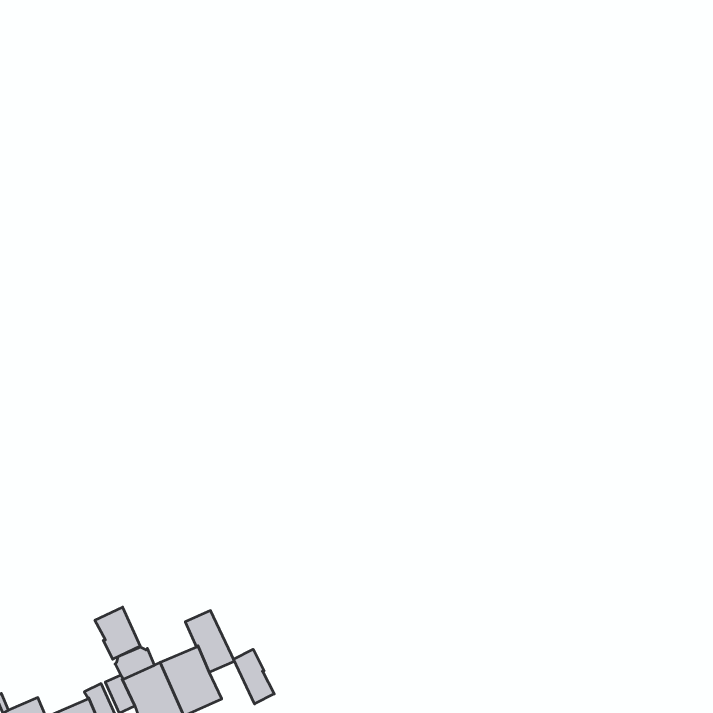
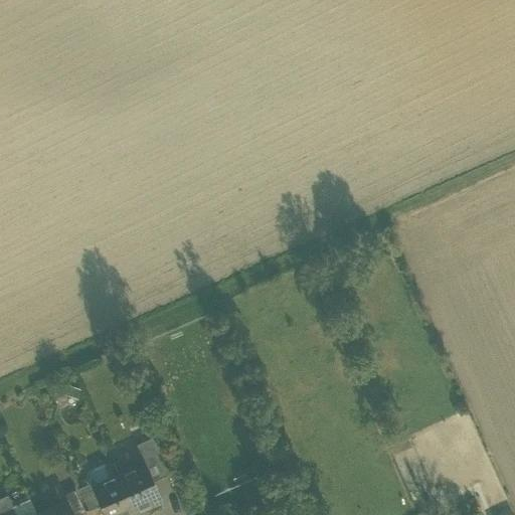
building: [95,607,140,659] -> none
building: [233,649,274,704] -> none

